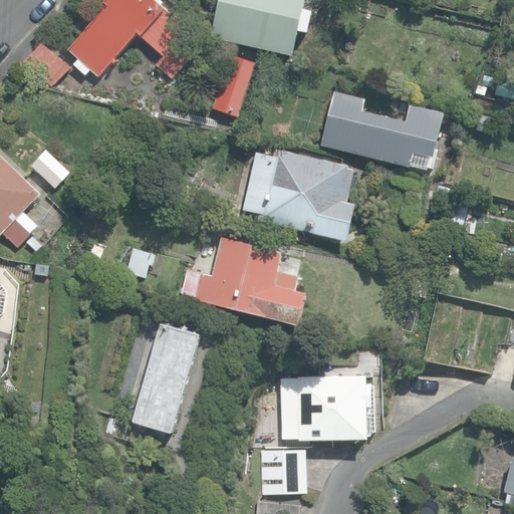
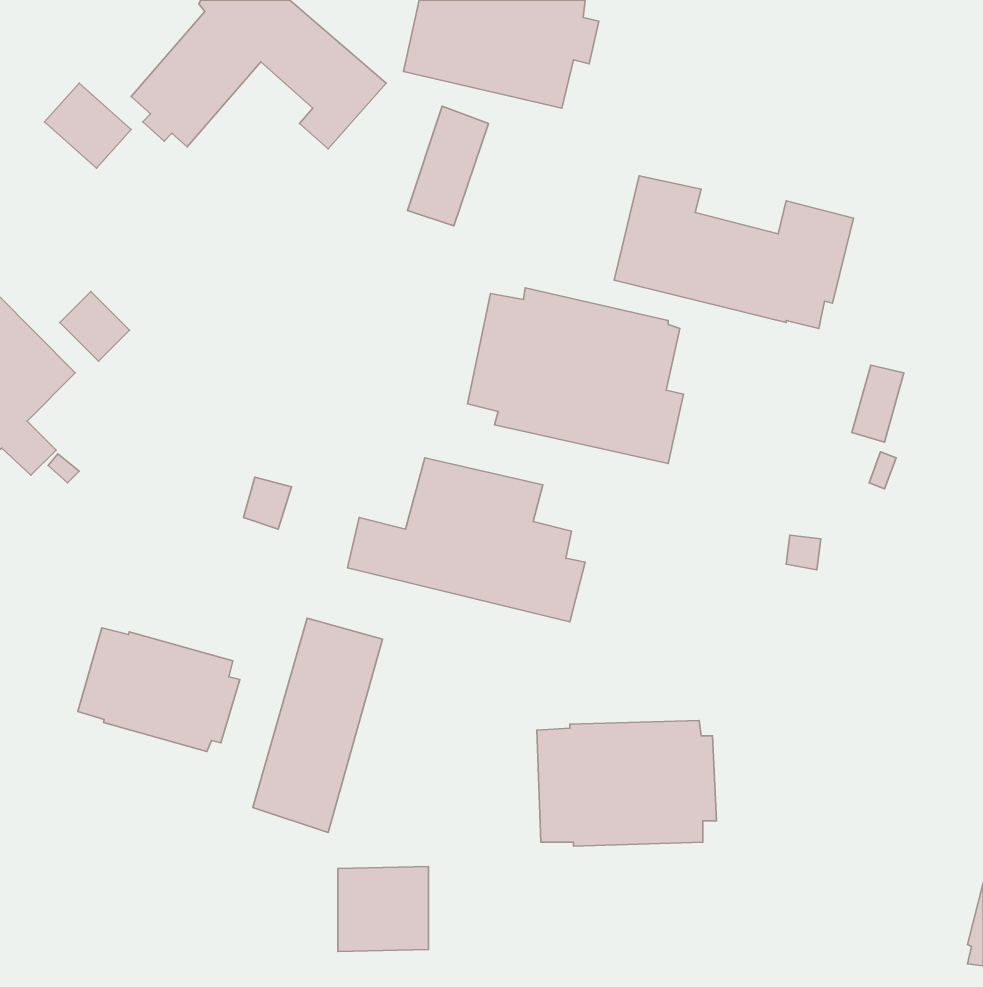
building: none -> [78,628,240,752]
building: [259,450,306,494] -> [338,867,429,952]

